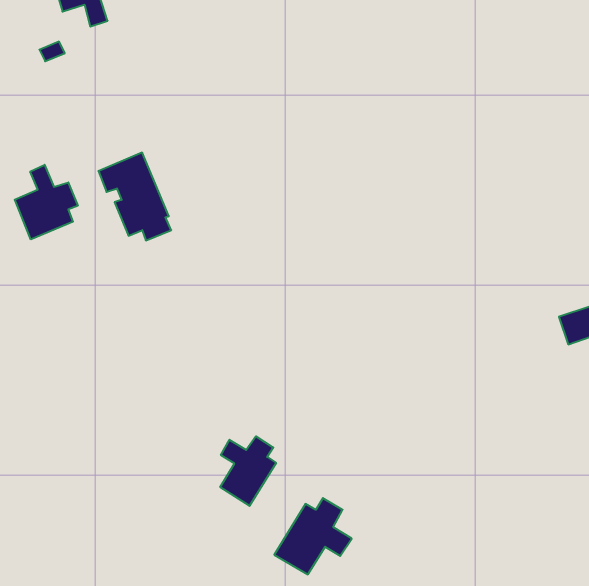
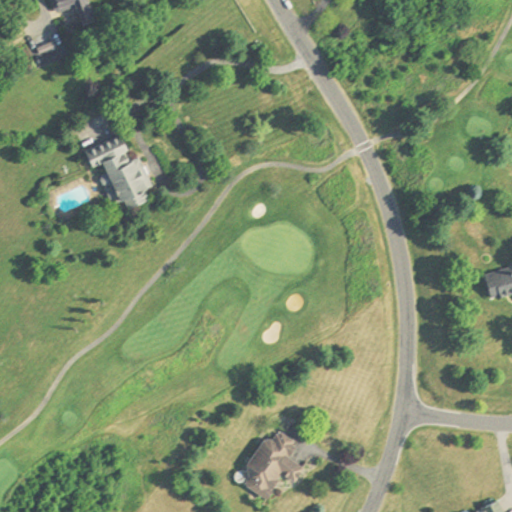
building: [15,165,78,239] -> none
building: [220,436,276,506] -> none

